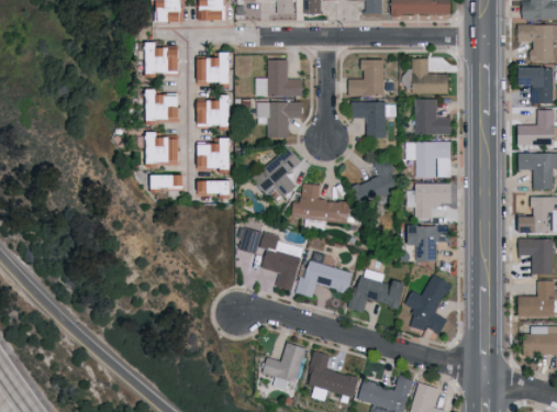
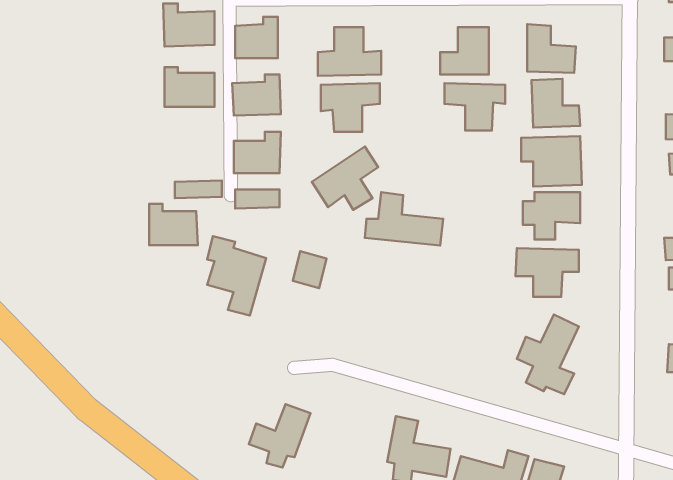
building: [144,133,180,164] -> [149,204,198,245]
building: [352,159,402,207] -> none
building: [261,232,305,291] -> [207,236,266,316]
building: [301,250,354,298] -> none
building: [352,268,404,313] -> none
building: [261,342,308,389] -> [249,404,311,468]

